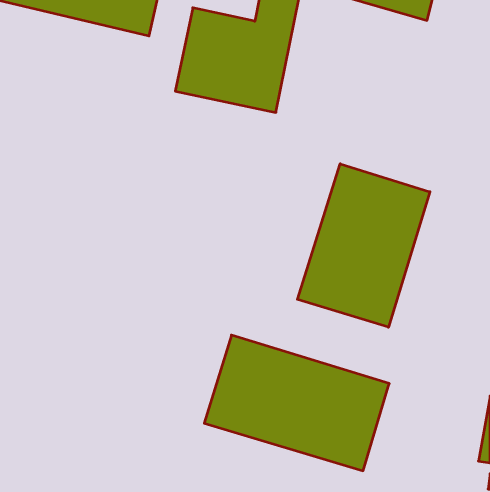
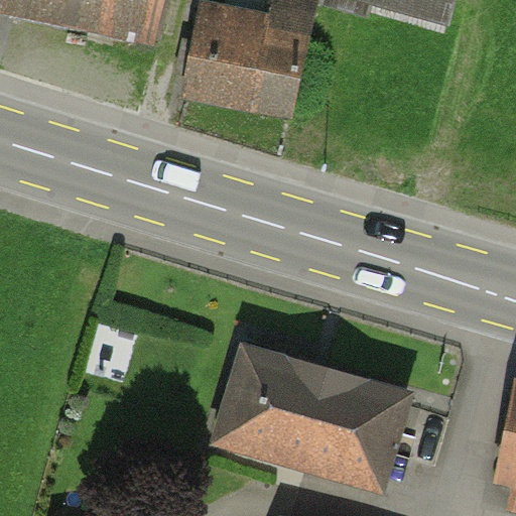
building: [297,164,430,327] -> none

